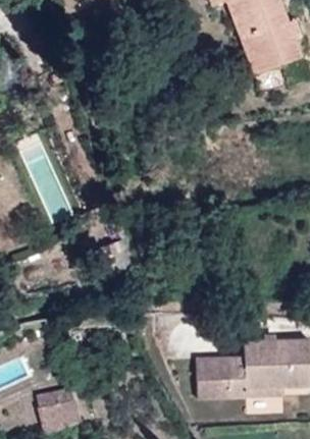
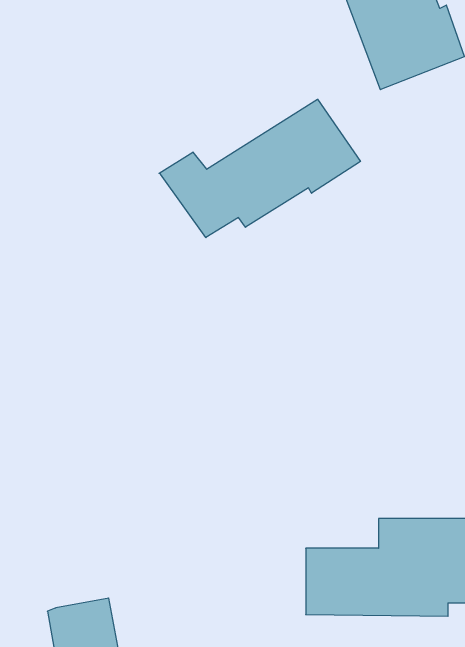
building: none -> [159,99,360,238]

